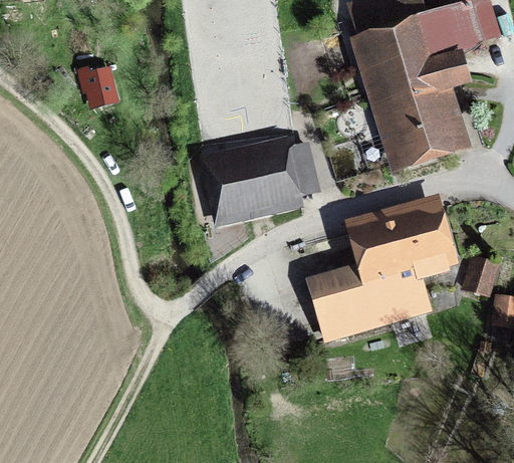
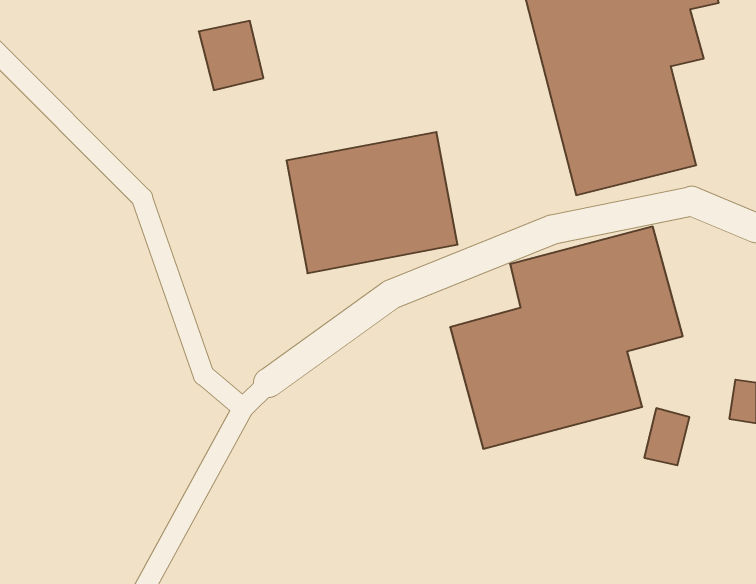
building: [76,61,119,107] -> [199,21,263,90]
building: [464,255,494,293] -> [644,408,689,465]

